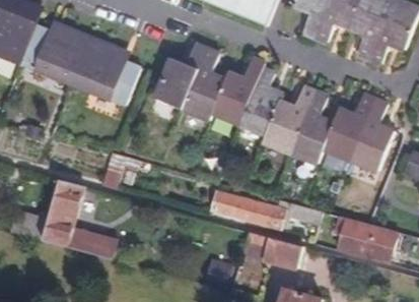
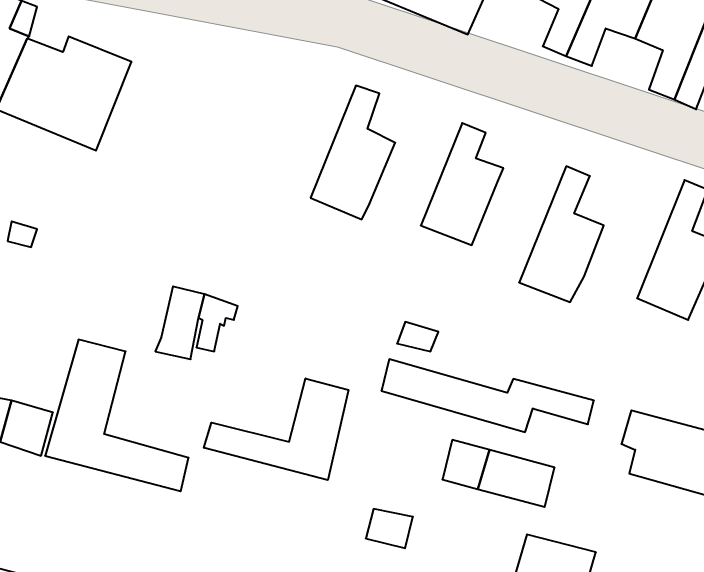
building: [71,38,138,104] -> none
building: [152,44,205,108] -> none
building: [212,58,262,122] -> none
building: [262,86,313,152] -> none
building: [323,94,374,160] -> none
building: none -> [204,378,348,480]

